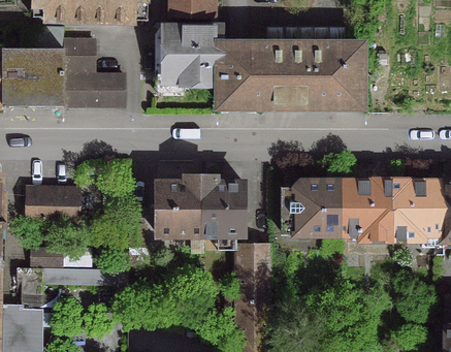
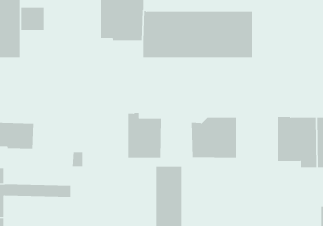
building: [62,74,123,105] -> none
building: [156,175,199,234] -> none
building: [340,181,391,238] -> none

